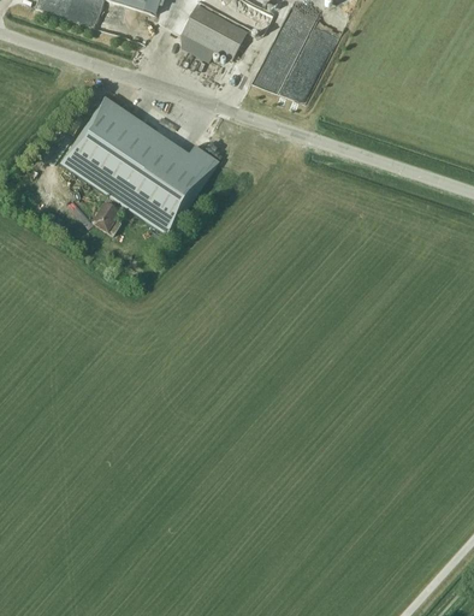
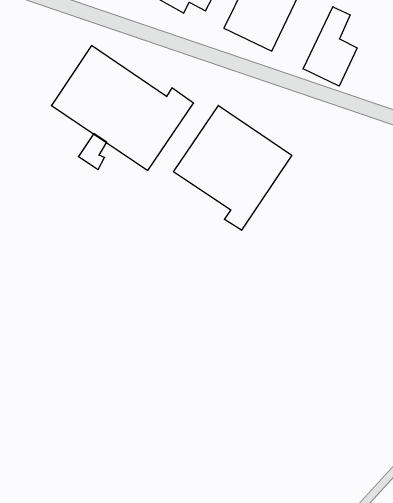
building: none -> [303,7,357,86]
building: none -> [174,105,292,230]

